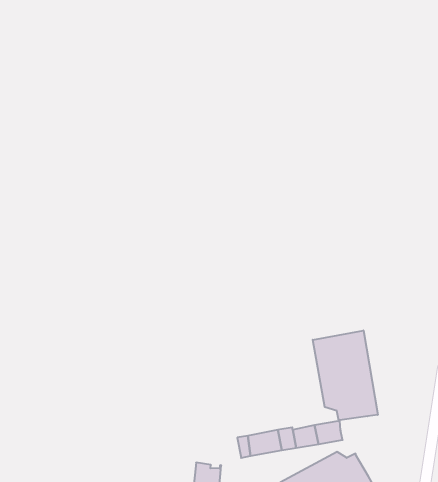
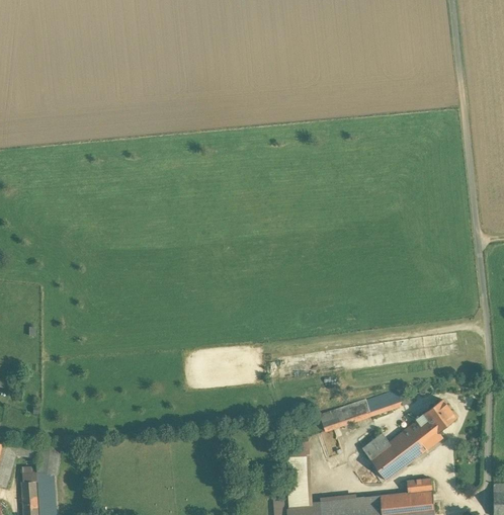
building: [313,330,378,421] -> none
building: none -> [423,401,455,432]

